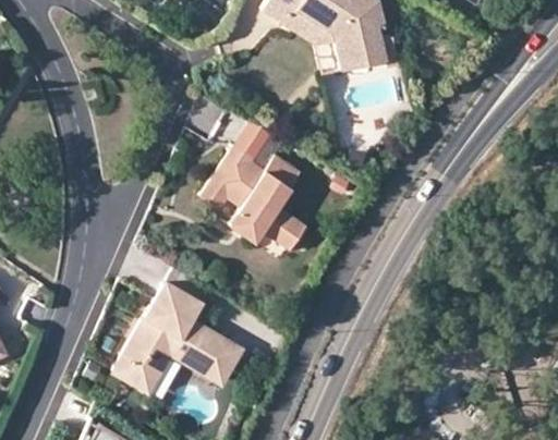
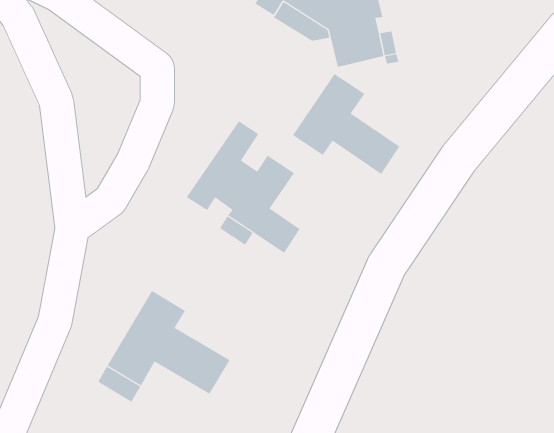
building: none -> [292,73,400,175]

